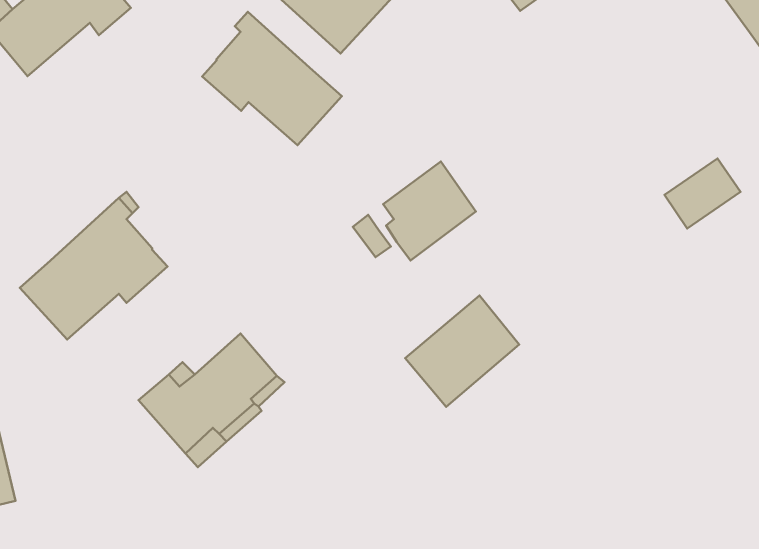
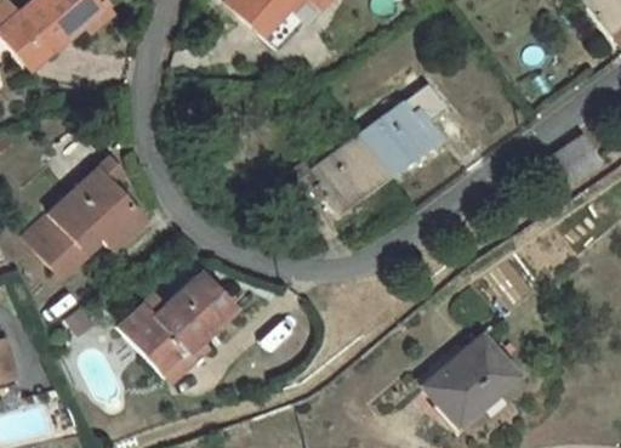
building: [202,12,342,145] -> none
building: none -> [360,83,448,174]
building: [405,296,519,407] -> [423,334,514,423]

